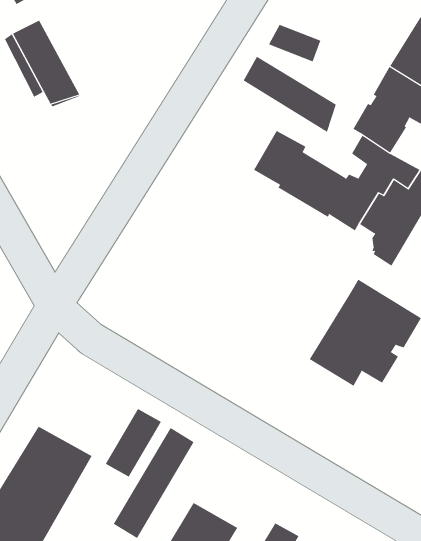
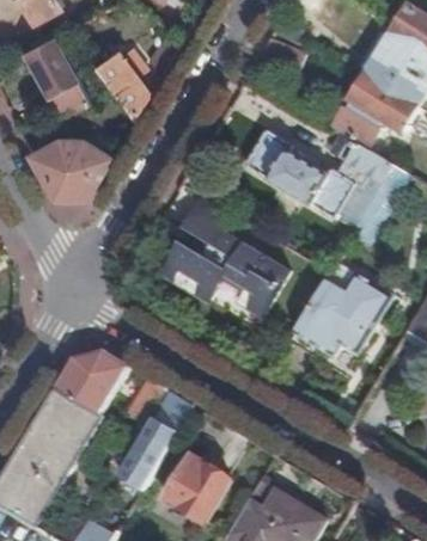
building: none -> [99,45,151,113]
building: [243,56,337,133] -> none
building: none -> [31,141,109,199]
building: none -> [160,197,288,314]
building: none -> [54,351,128,416]

